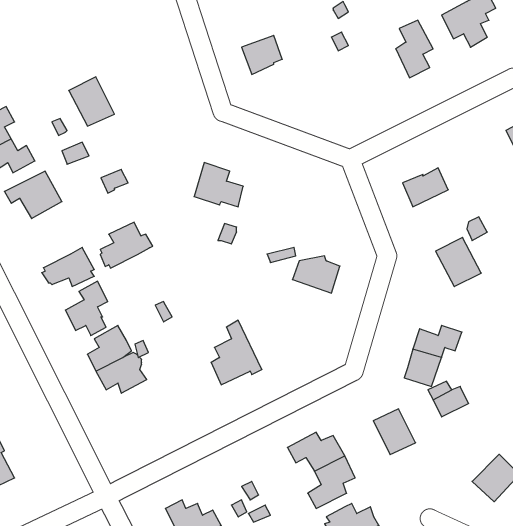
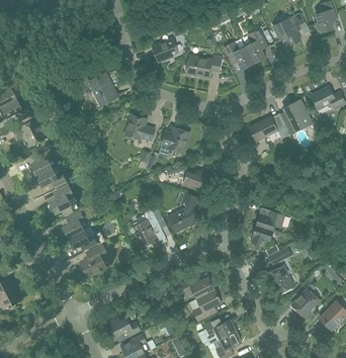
building: none -> [223,41,253,70]
building: none -> [185,56,222,78]
building: [69,77,114,126] -> [89,74,116,103]
building: none -> [158,127,188,158]
building: [100,222,153,268] -> [28,150,60,177]
building: [436,237,481,287] -> [283,101,311,130]
building: none -> [168,193,198,232]
building: none -> [78,245,106,278]
building: [373,409,416,455] -> [267,266,292,293]

